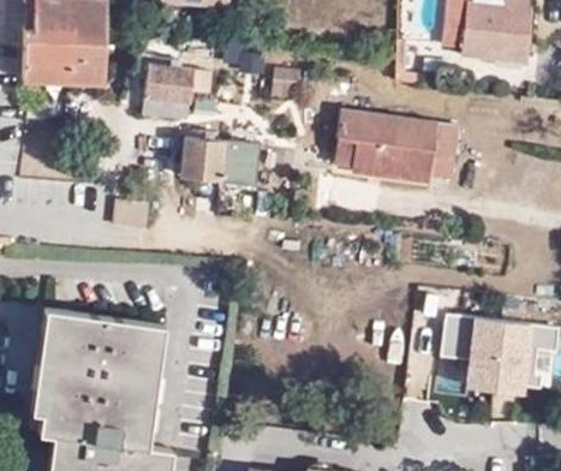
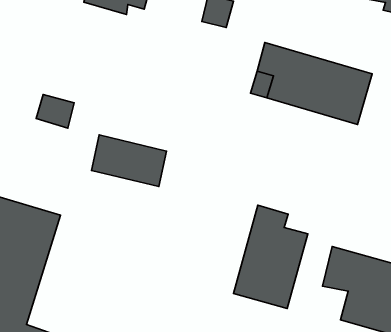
building: [181,139,257,184] -> [91,135,166,186]
building: none -> [233,205,308,308]

